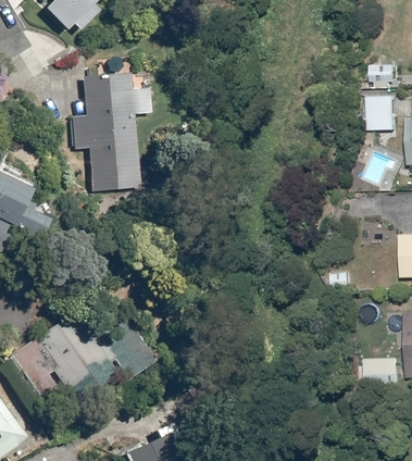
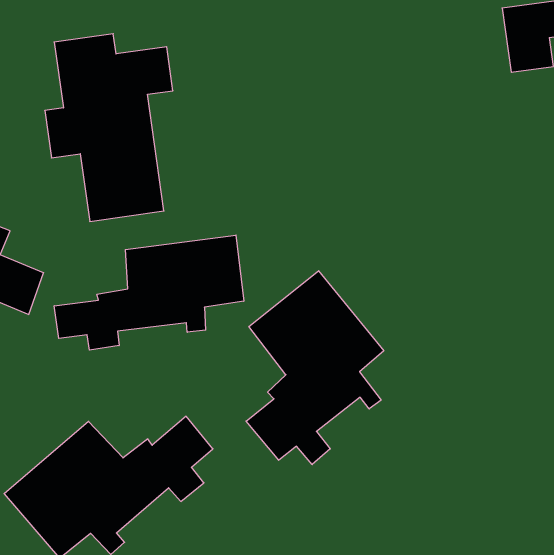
building: none -> [54,235,244,350]
building: none -> [246,271,384,465]

